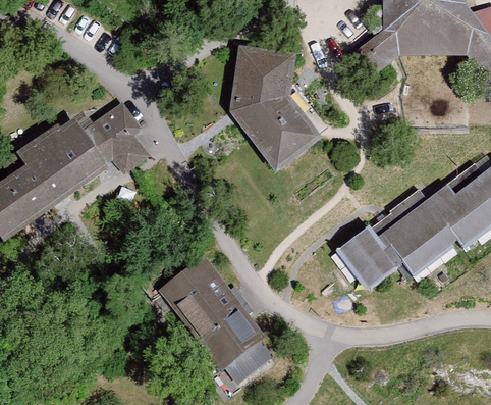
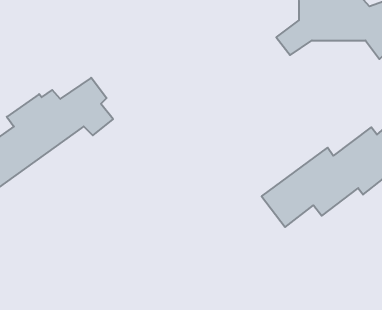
building: [229,45,322,172] -> none
building: [159,256,274,385] -> none

